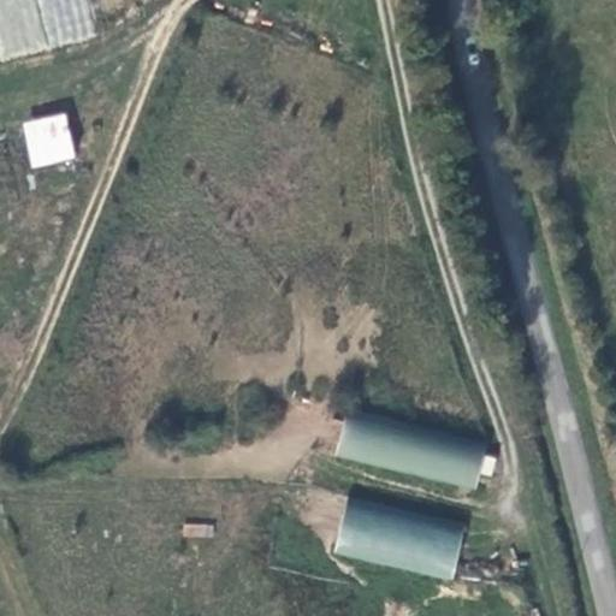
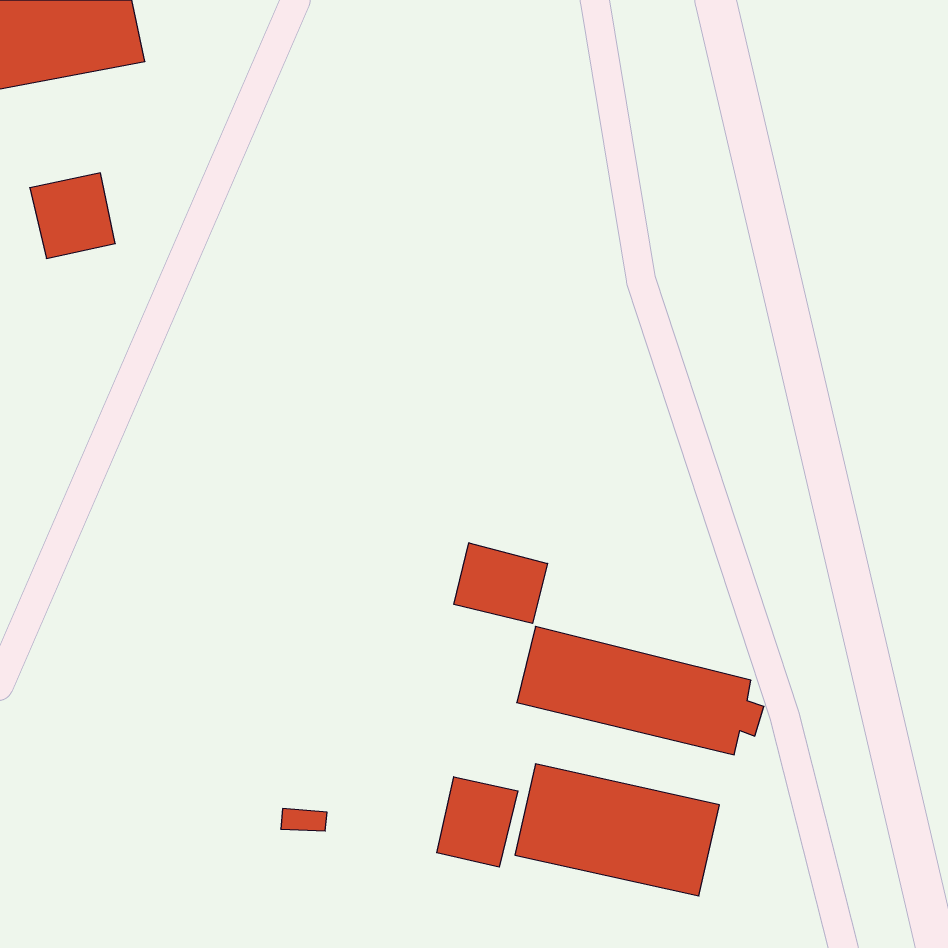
building: none -> [454,543,548,623]
building: none -> [437,777,518,867]

